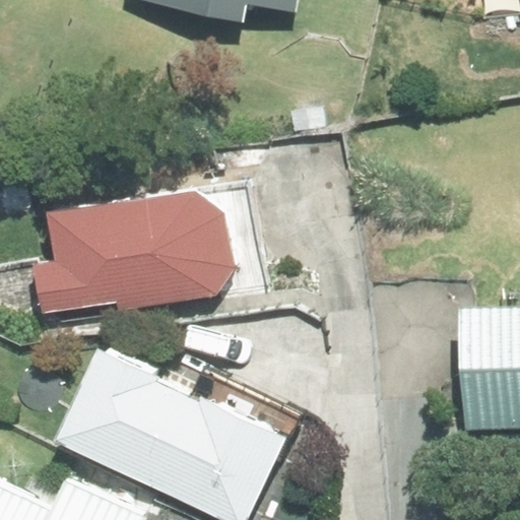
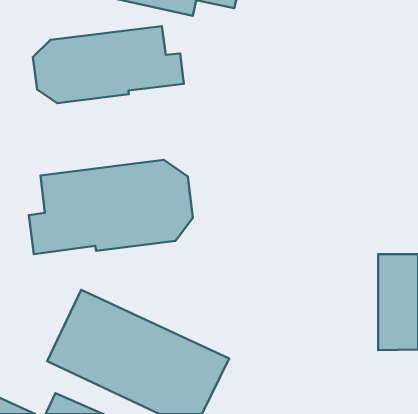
building: none -> [33,26,184,103]

